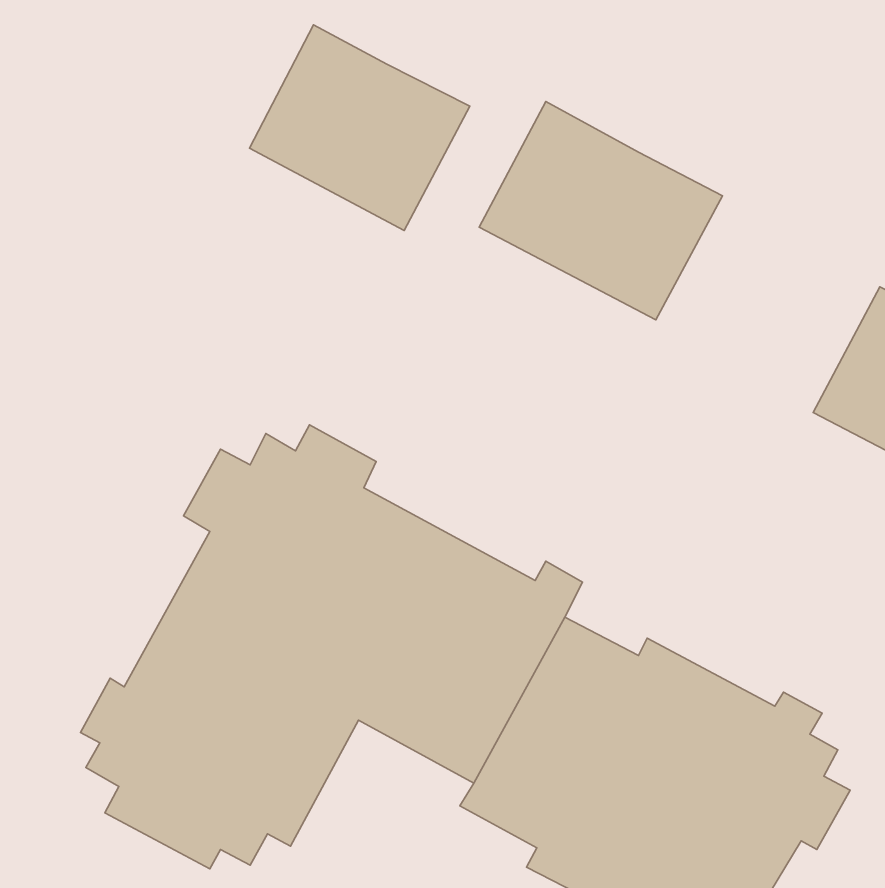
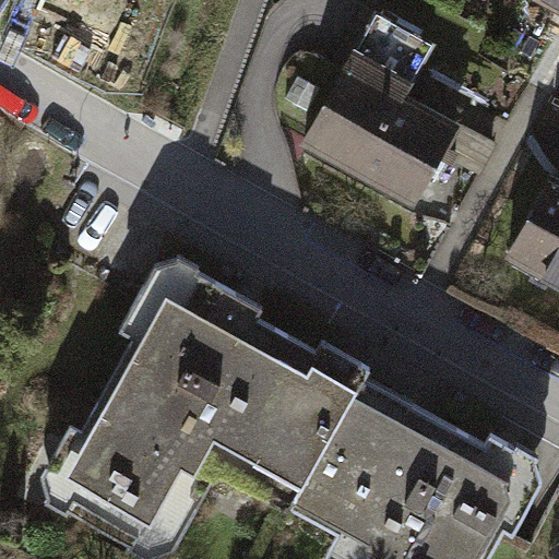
building: none -> [346,13,433,98]
building: [249,25,470,230] -> none

